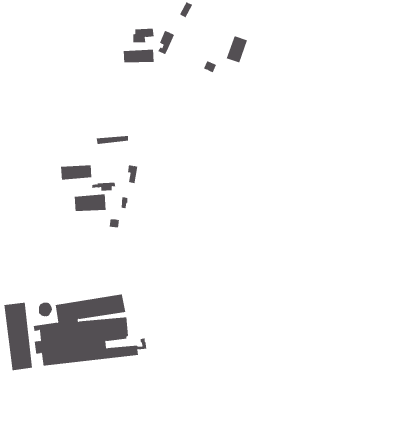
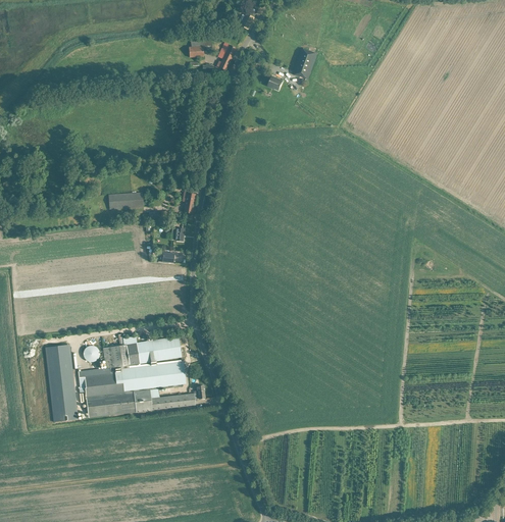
building: [123,49,154,63] -> none
building: [74,194,106,212] -> none

